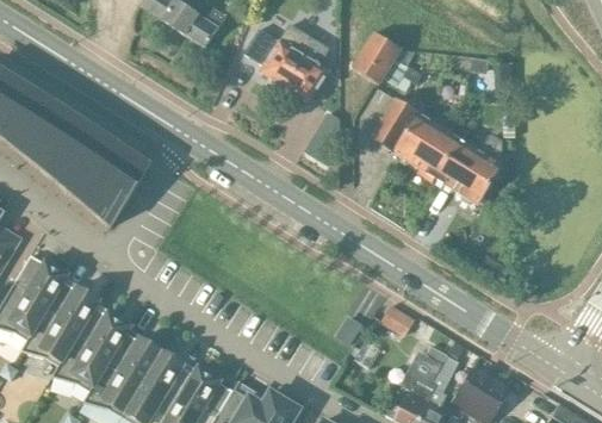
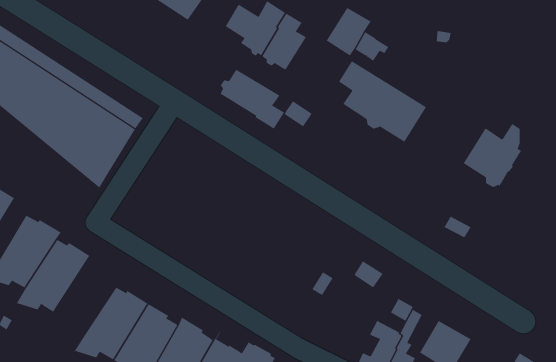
building: none -> [220,69,285,129]
building: [437,135,501,204] -> [463,123,522,188]
building: [51,306,131,385] -> none

